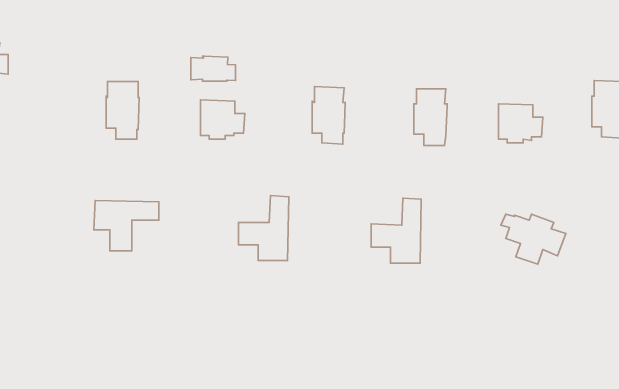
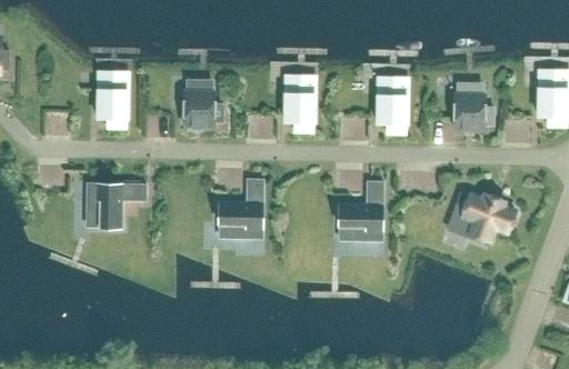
building: [191,56,236,81] -> none

